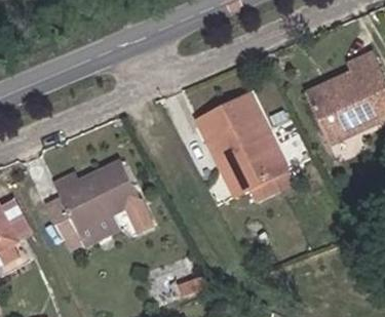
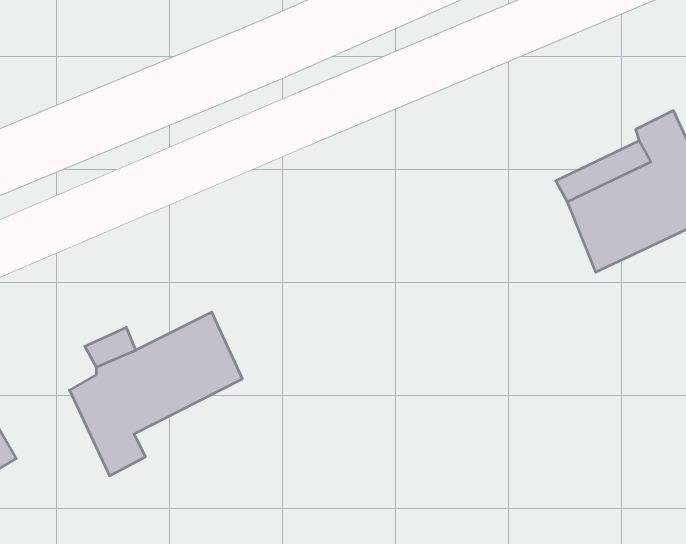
building: [200,105,291,206] -> none

